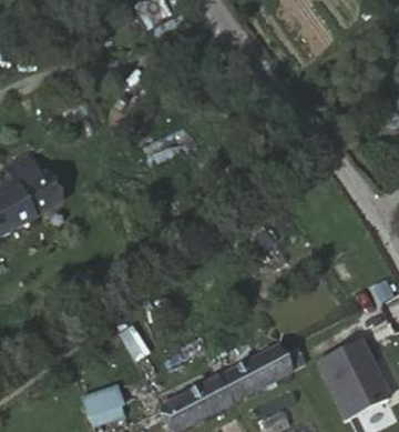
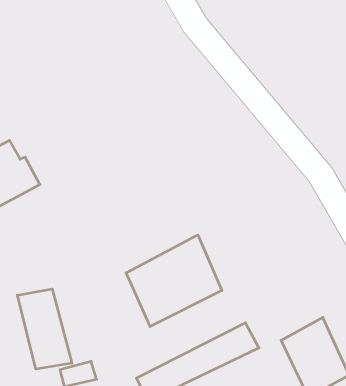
building: none -> [126,235,222,327]
building: none -> [17,289,72,369]

